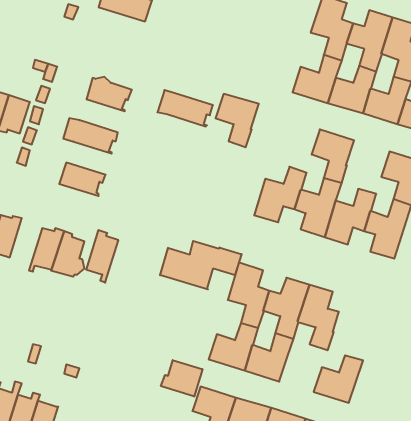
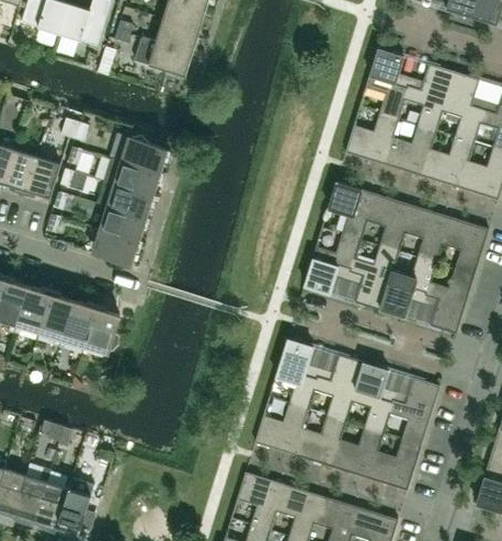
building: [157,90,213,126] -> [103,157,163,196]
building: [215,94,259,147] -> [328,182,375,240]
building: none -> [403,205,450,263]
building: none -> [100,206,149,242]
building: [86,230,118,283] -> [38,289,73,346]
building: [160,241,242,289] -> none
building: none -> [389,377,440,444]
building: none -> [331,426,384,477]
building: [161,360,202,397] -> none

